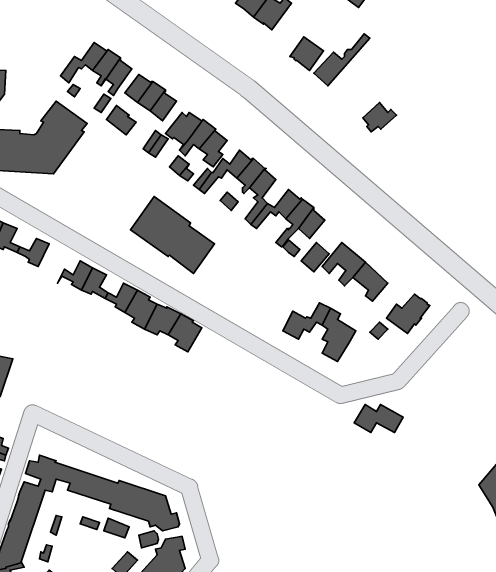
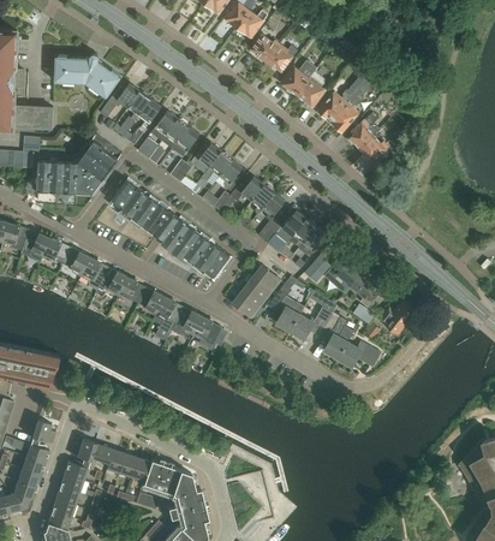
building: none -> [54,54,120,97]
building: none -> [280,63,316,96]
building: none -> [329,81,366,133]
building: none -> [348,113,381,149]
building: none -> [109,178,174,239]
building: none -> [80,257,109,291]
building: none -> [232,266,281,319]
building: none -> [268,279,305,332]
building: [354,405,403,433] -> [338,343,380,367]

